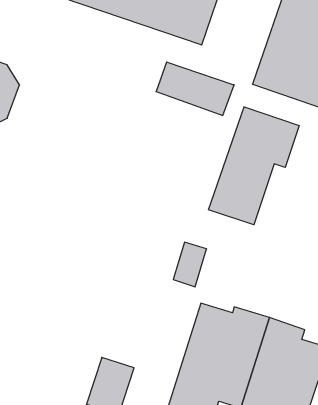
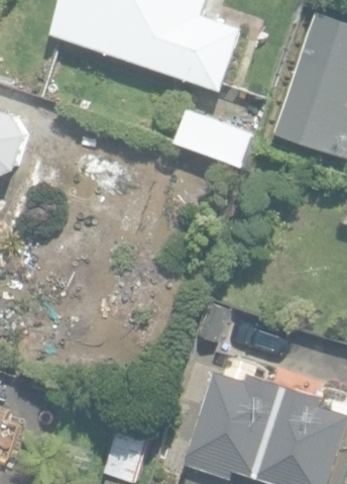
building: [209,107,299,225] -> none

